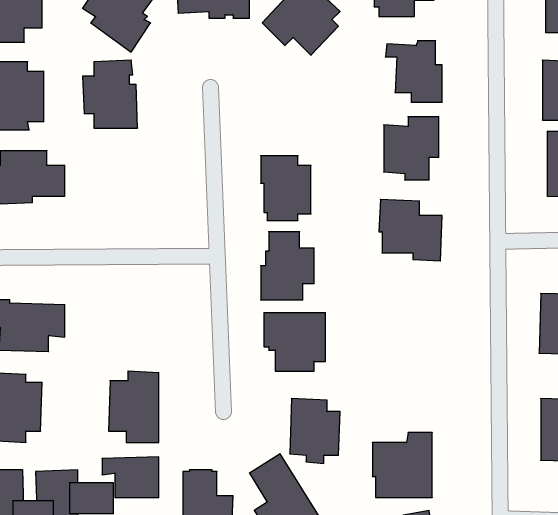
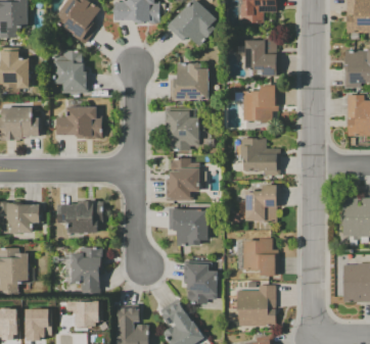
building: none -> [170,62,209,99]
building: none -> [57,106,102,139]
building: none -> [246,185,280,222]
building: none -> [56,200,103,234]
building: none -> [243,238,278,276]

